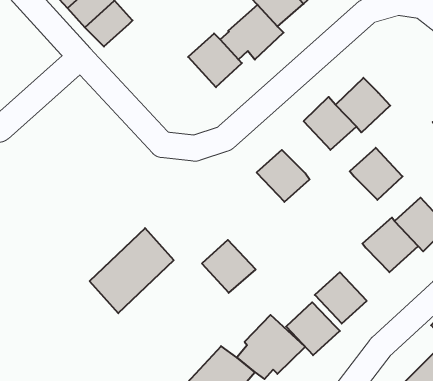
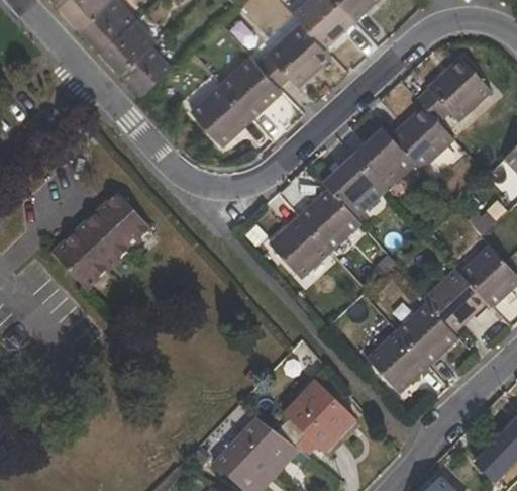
building: none -> [121,43,171,93]
building: none -> [418,58,491,123]
building: none -> [190,82,251,144]
building: [350,148,403,200] -> [323,157,385,217]
building: [90,228,174,313] -> [53,191,150,290]
building: [202,240,256,293] -> [269,216,331,278]
building: [286,302,340,355] -> [396,304,458,366]

